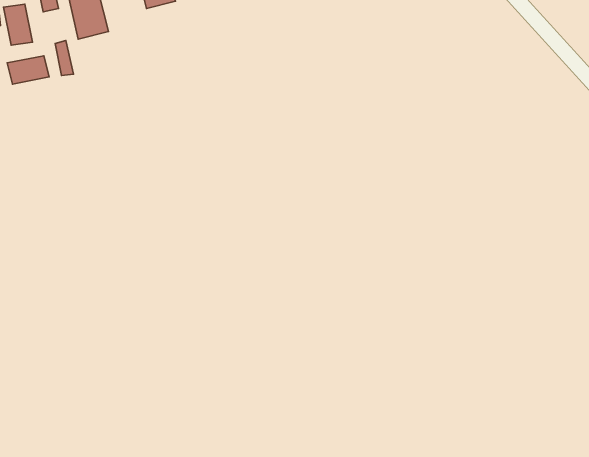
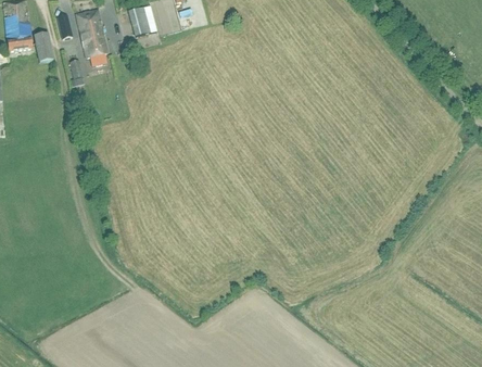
building: [7,56,49,84] -> none

